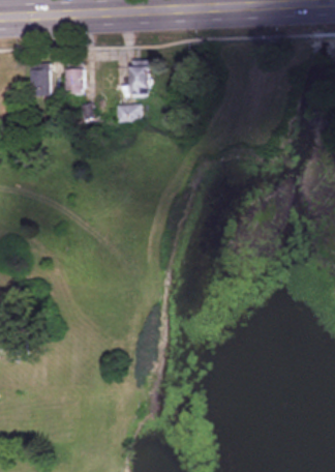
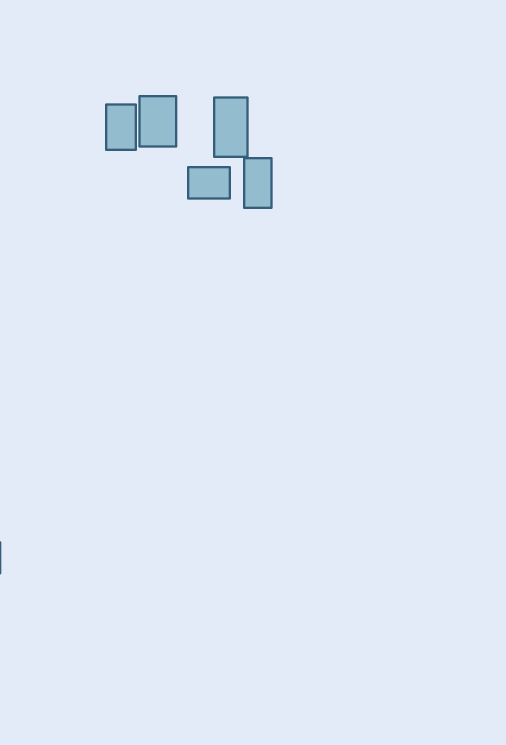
building: [29,66,51,96] -> [140,96,176,147]
building: none -> [244,158,271,208]

